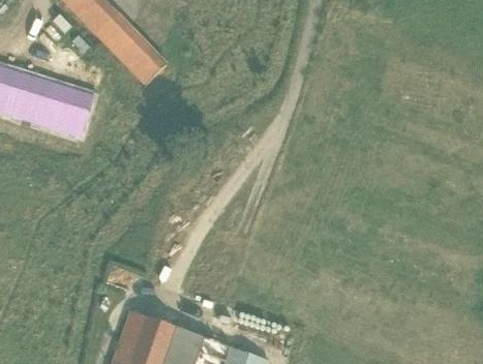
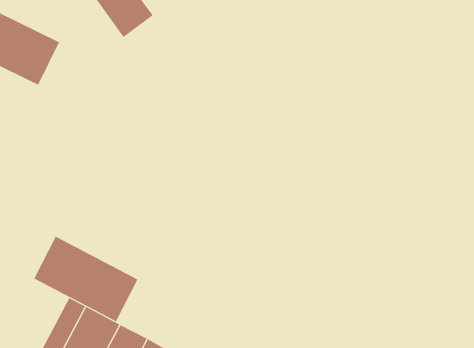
building: none -> [34,236,138,322]

